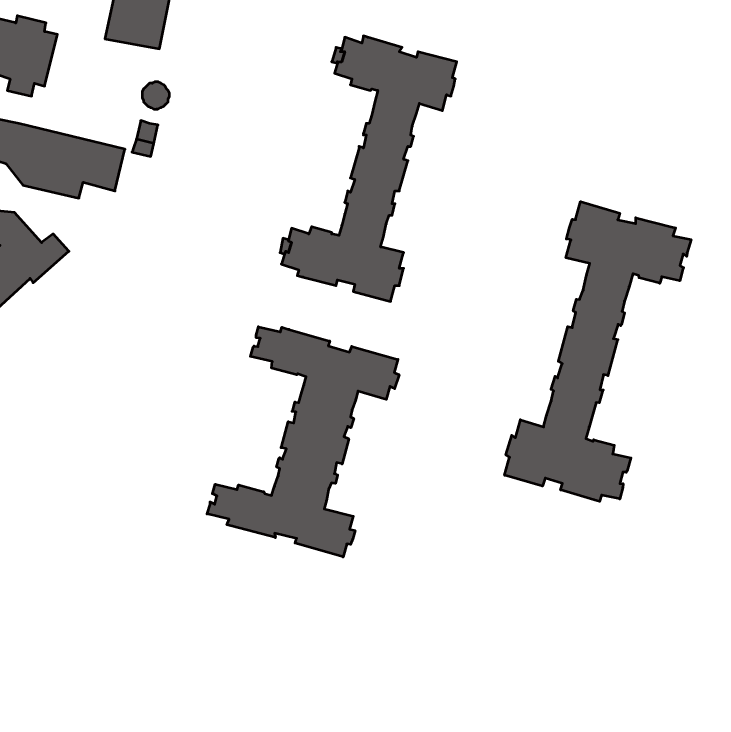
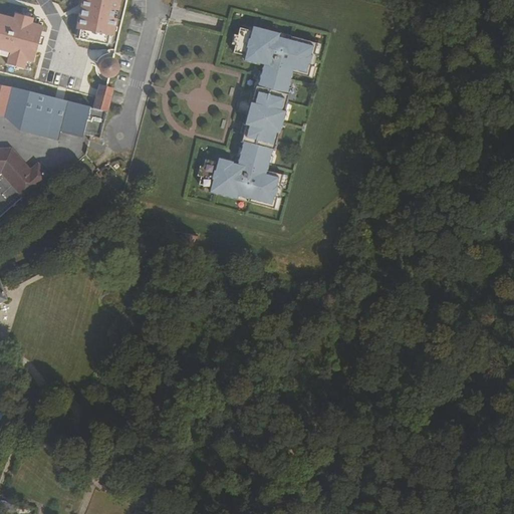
building: [505,202,691,501] -> none
building: [207,327,399,557] -> none

